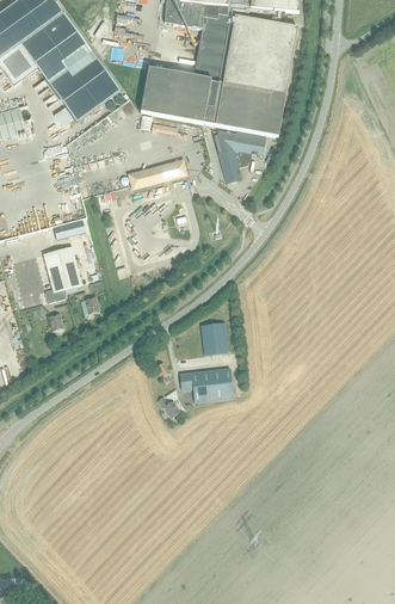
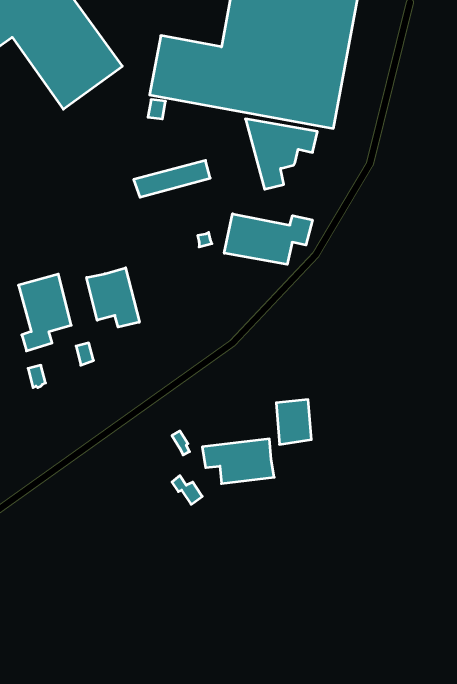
building: none -> [224,214,312,264]
building: none -> [87,268,139,327]
building: [200,321,227,355] -> [276,400,311,444]

